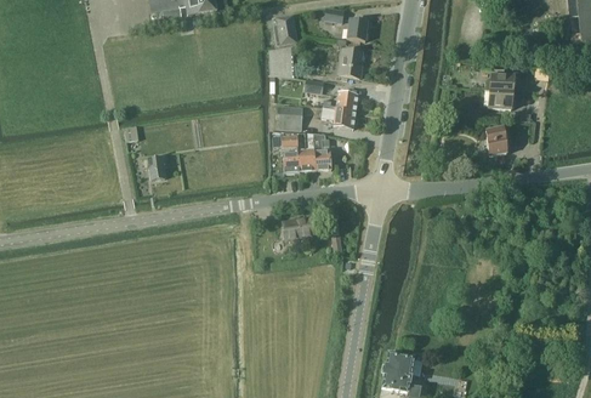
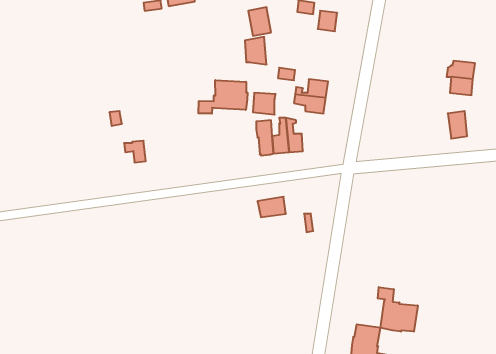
building: [340,49,363,78] -> none
building: none -> [198,80,248,114]
building: none -> [378,287,418,332]

